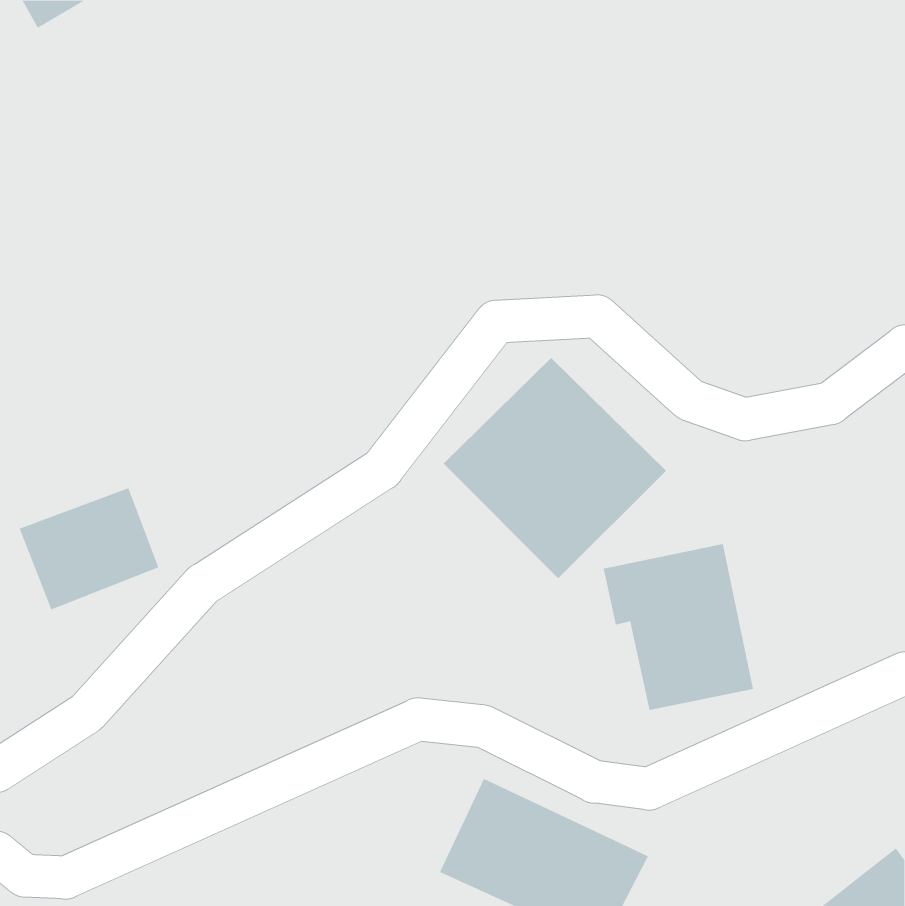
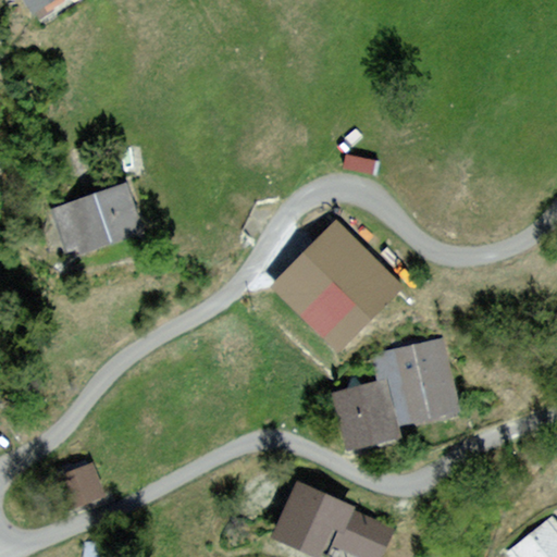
building: [19,487,159,610] -> [53,182,139,257]
building: none -> [329,382,397,448]
building: none -> [51,463,106,515]

